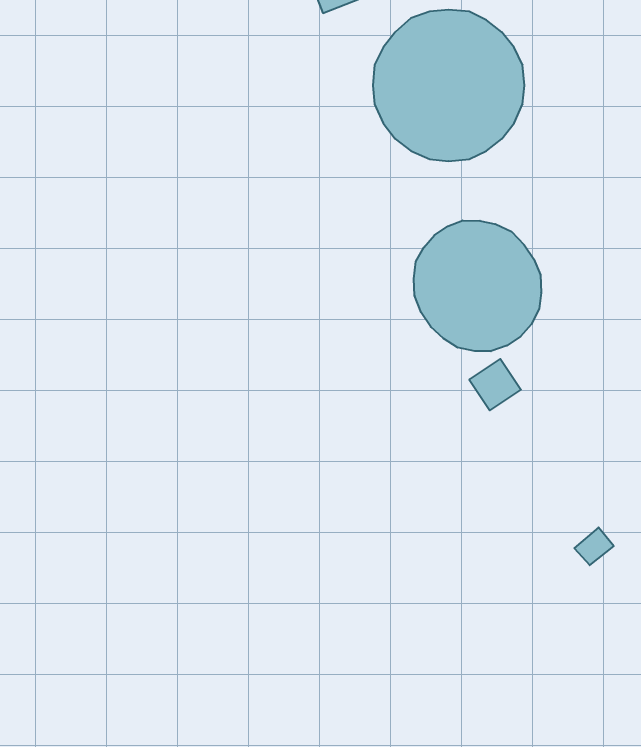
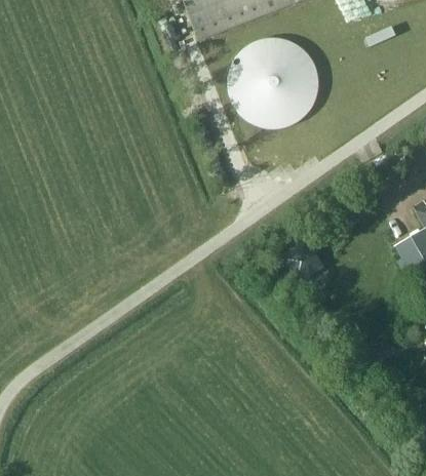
building: [414,220,541,351] -> none

